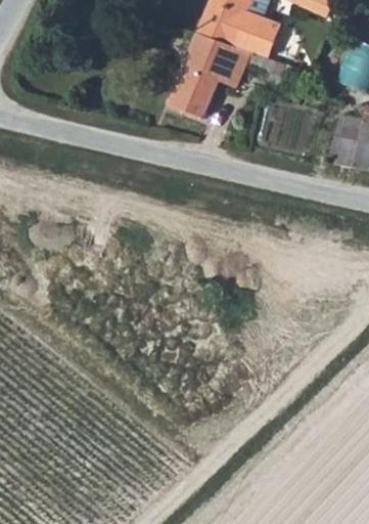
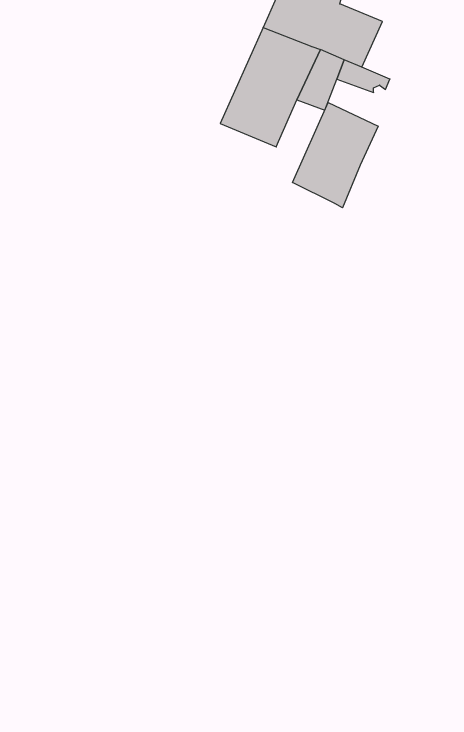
building: none -> [293,103,378,208]

